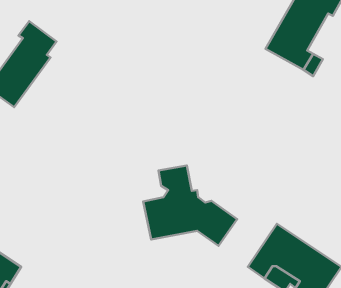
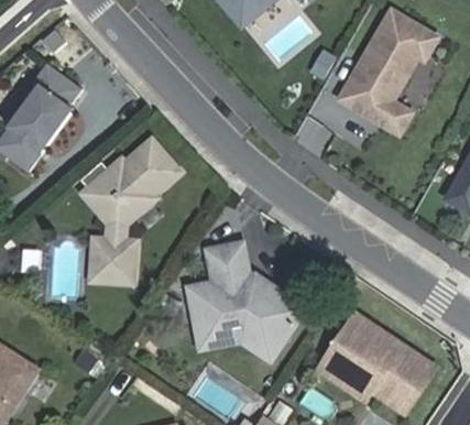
building: none -> [80,140,179,285]
building: none -> [198,325,282,362]

